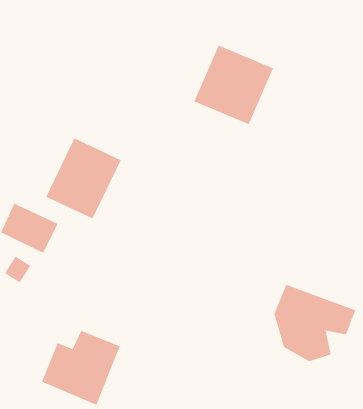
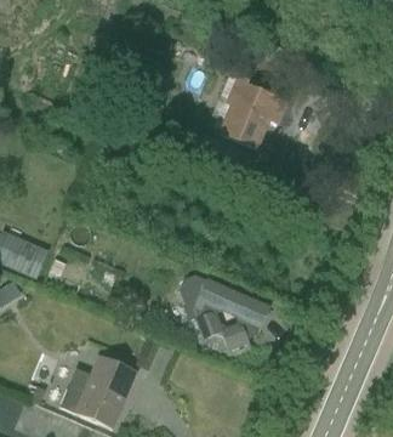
building: [46,138,122,219] -> none
building: [273,284,356,362] -> [192,277,273,353]

